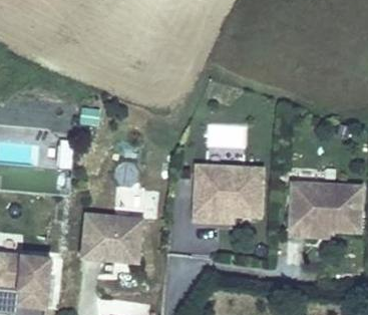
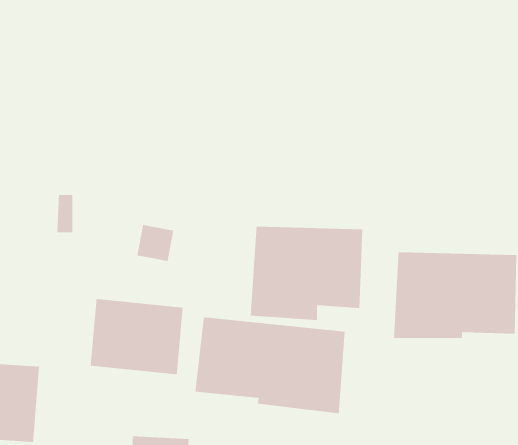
building: none -> [195,317,345,414]

